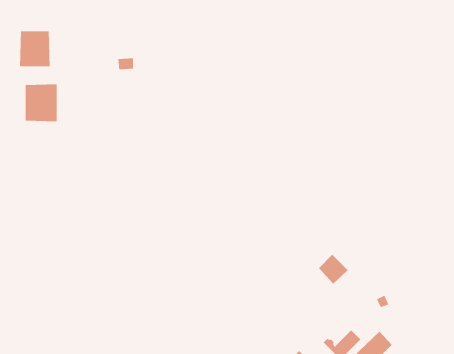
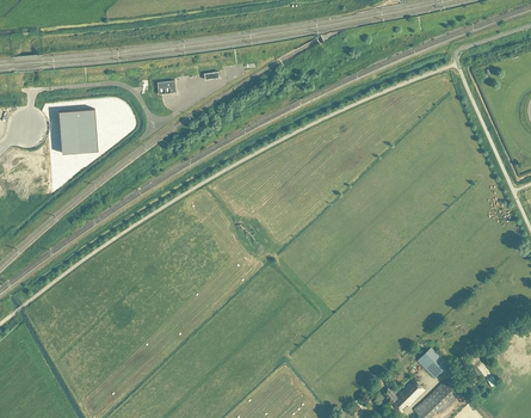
building: [20,30,50,67] -> none
building: [318,254,349,284] -> [418,346,451,380]

